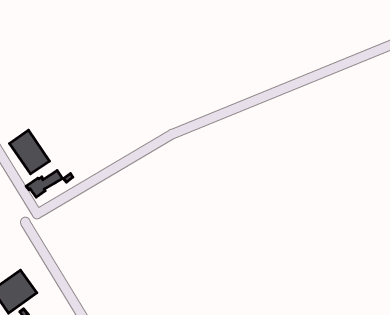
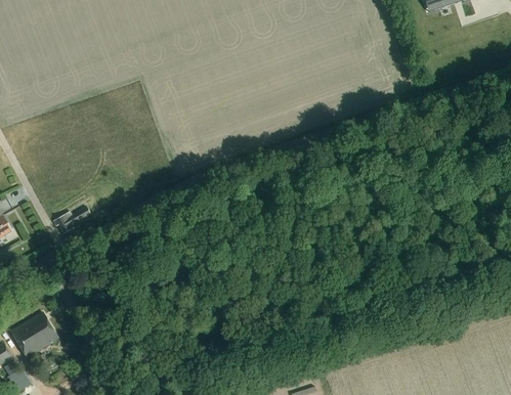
building: [9,130,49,174] -> none

